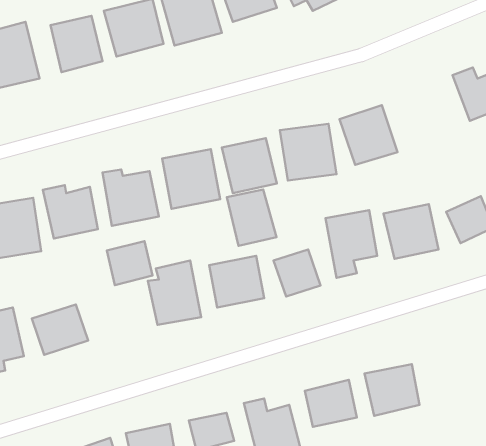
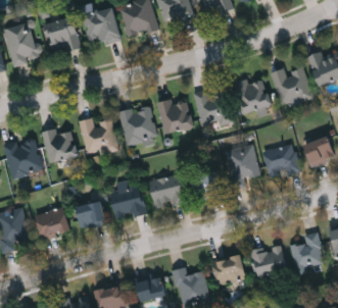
building: none -> [271,66,312,106]
building: [227,189,277,246] -> none
building: [107,241,152,285] -> [76,200,105,228]
building: none -> [290,233,323,270]

